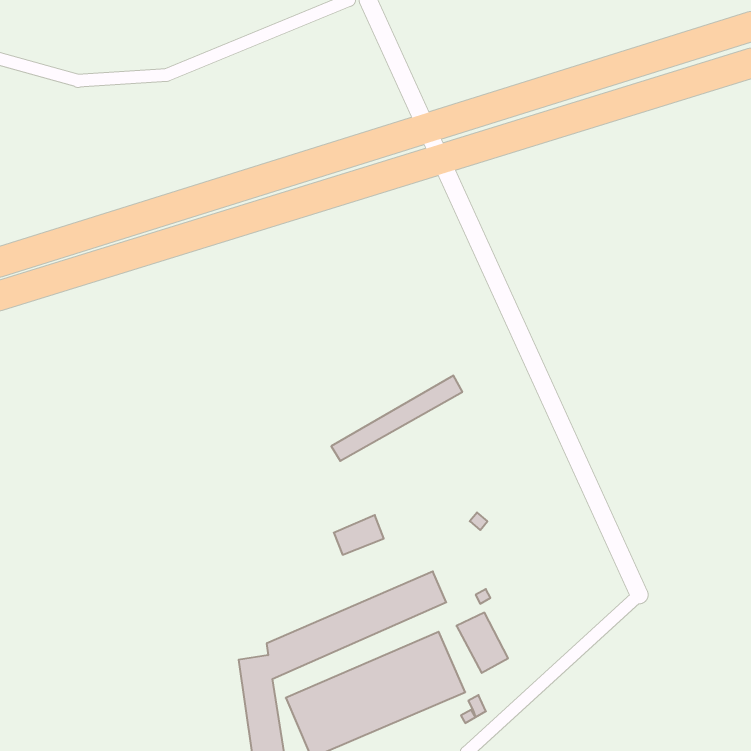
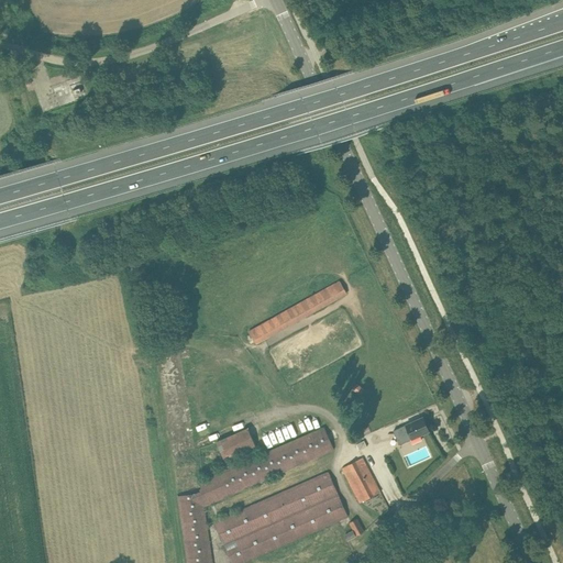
building: [334,515,384,555] -> [217,430,254,460]
building: none -> [393,418,428,445]

